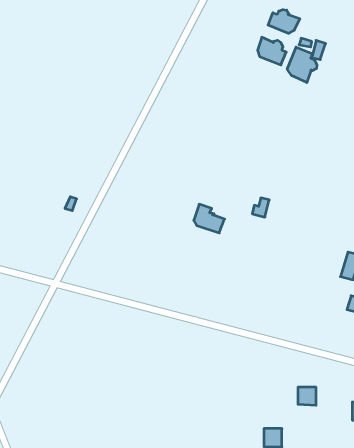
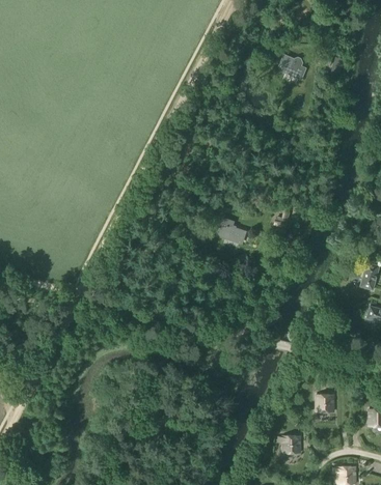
building: [268,10,300,33] -> none
building: [287,47,317,83] -> none

